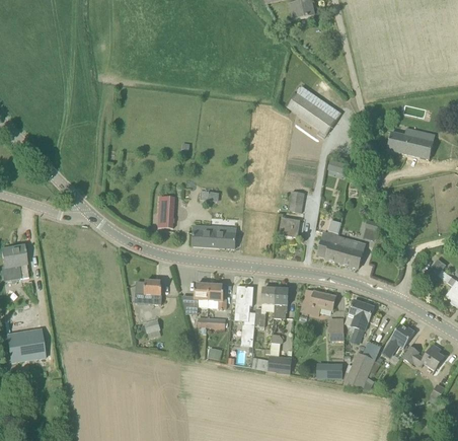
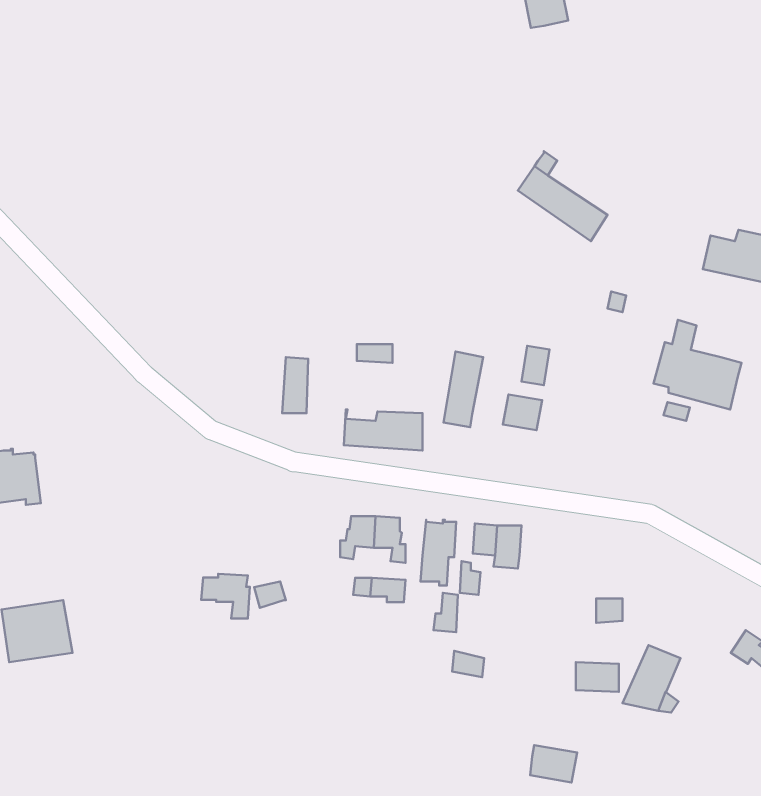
building: none -> [444,352,483,427]
building: [317,219,365,268] -> [653,320,741,410]
building: [136,279,162,303] -> [201,574,250,619]
building: [301,288,336,314] -> none
building: [349,299,374,330] -> none
building: [382,323,414,357] -> none
building: [268,354,293,374] -> [530,745,577,783]

